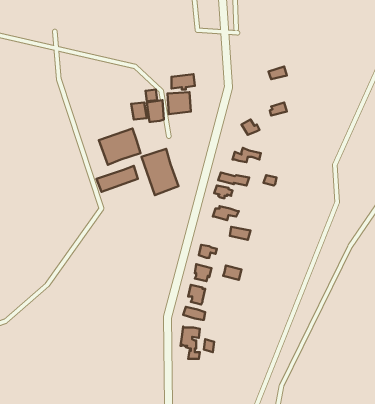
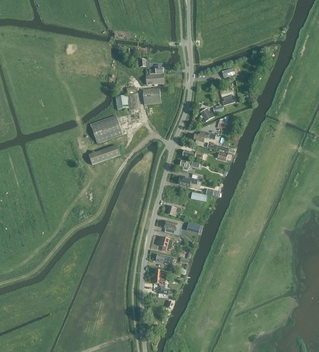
building: [141,149,178,195] -> none

